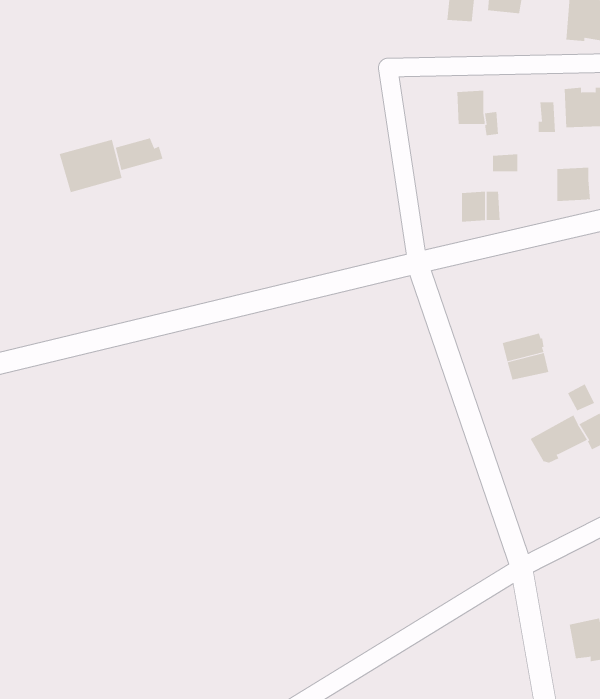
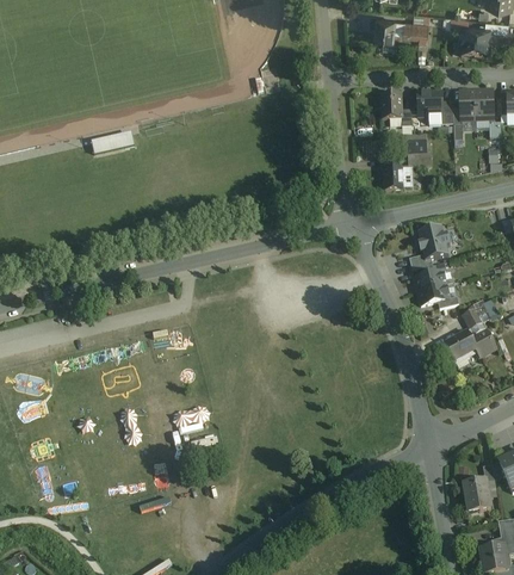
building: [115,137,163,171] -> none
building: [557,167,591,201] -> [417,91,442,116]
building: none -> [417,224,448,258]

